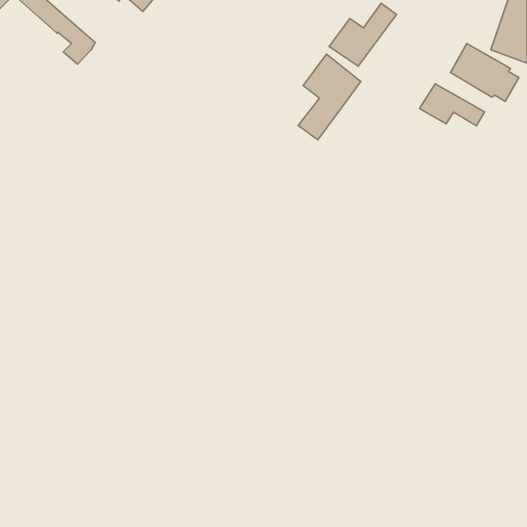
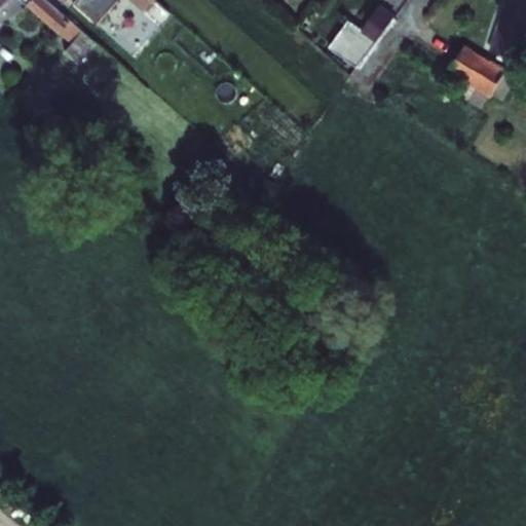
building: [298,54,361,140] -> none
building: [420,84,485,126] -> none

